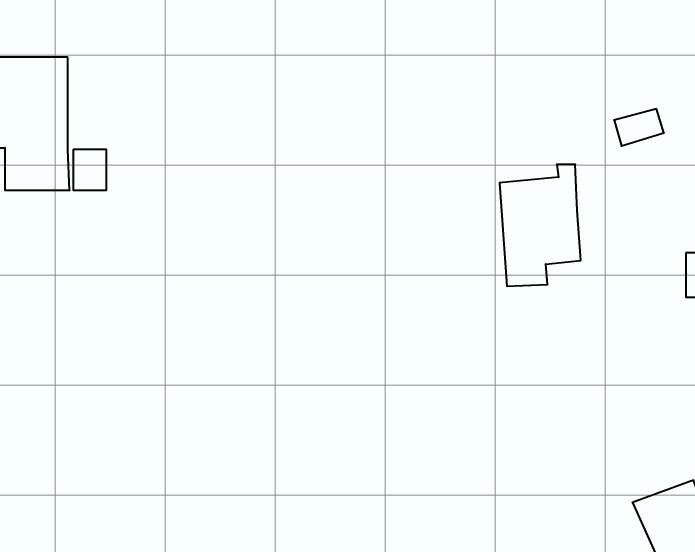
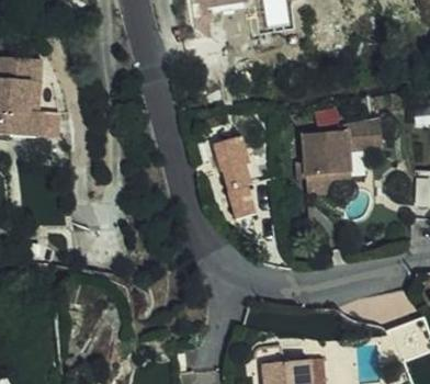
building: none -> [348,118,381,149]
building: none -> [213,134,253,216]

